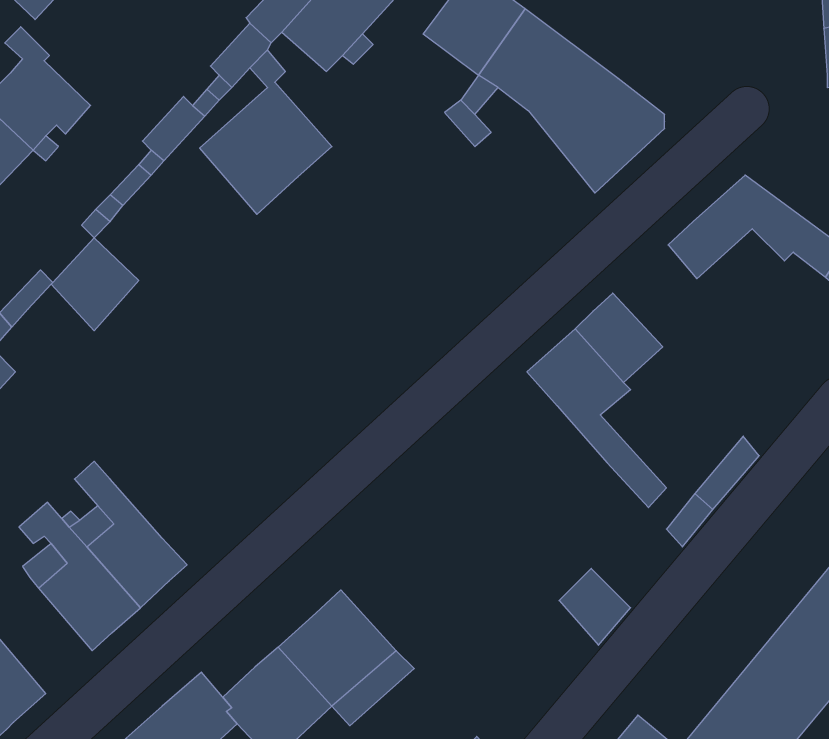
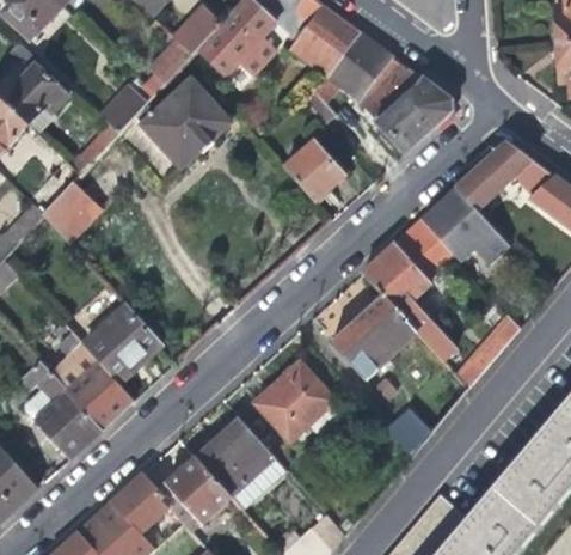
building: none -> [284,139,346,202]
building: none -> [418,188,508,266]
building: none -> [330,295,415,382]
building: none -> [82,306,161,384]
building: none -> [253,364,345,443]

